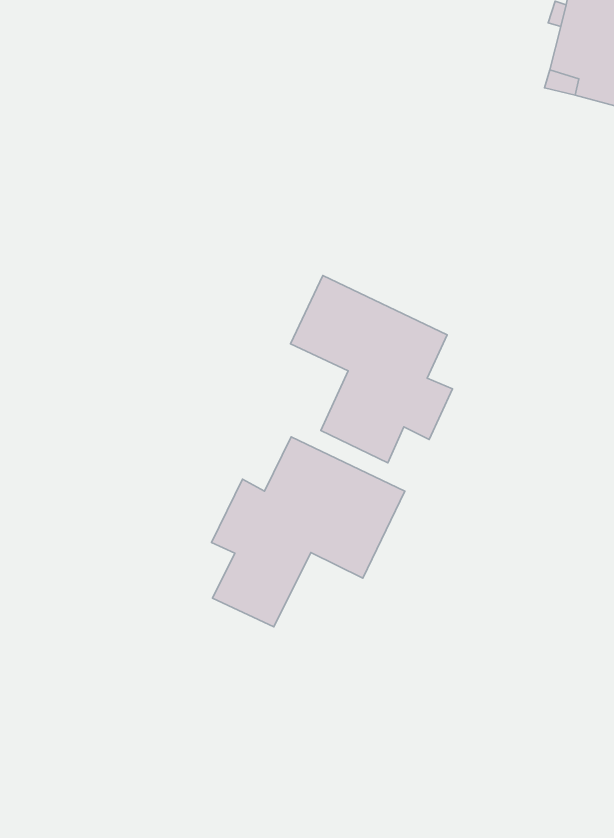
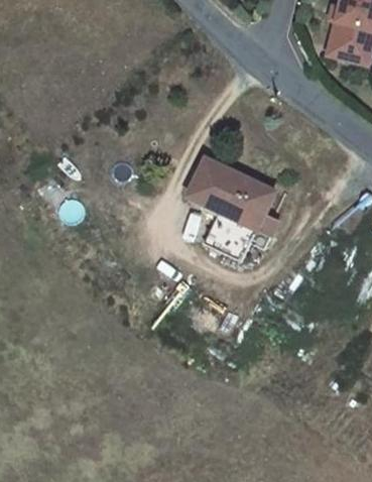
building: [211,437,405,627] -> none

